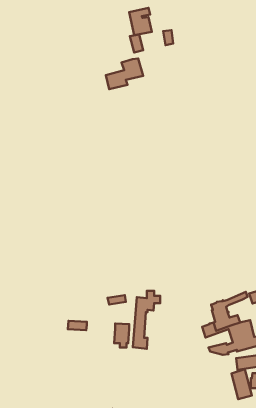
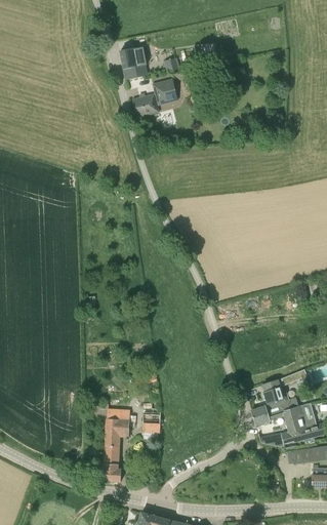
building: [129,8,152,35] -> [120,45,148,79]
building: [133,291,160,349] -> [103,410,136,482]
building: [231,369,252,399] -> none

